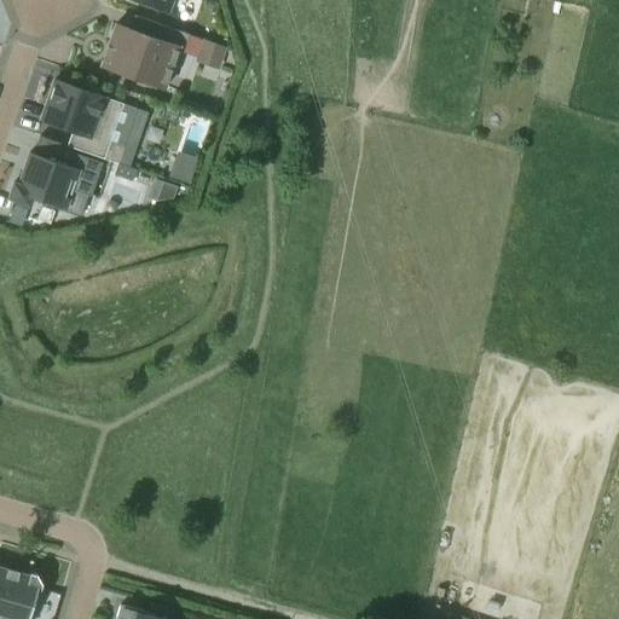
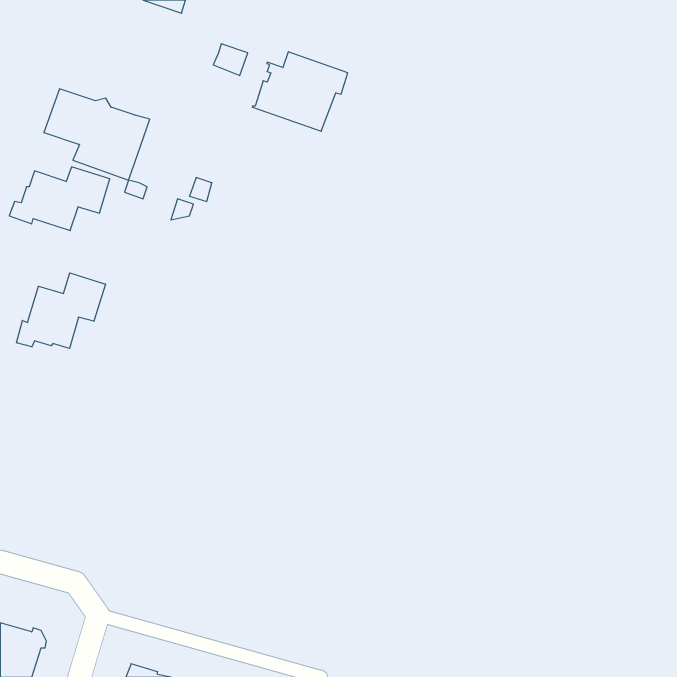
building: [102,16,189,88] -> [252,52,348,131]
building: none -> [16,273,105,348]

